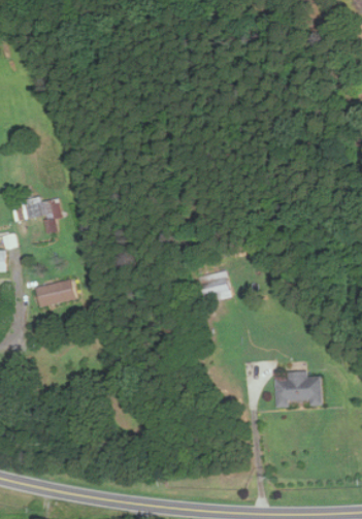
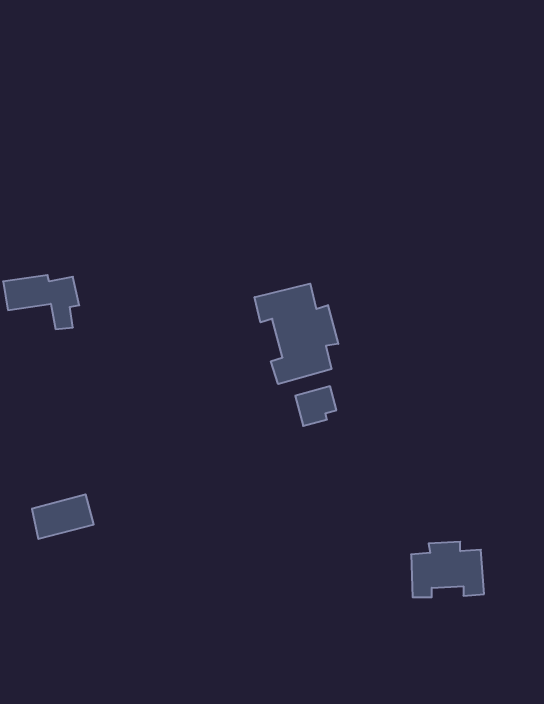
building: none -> [255,284,338,384]
building: [35,279,75,307] -> [32,494,94,539]

